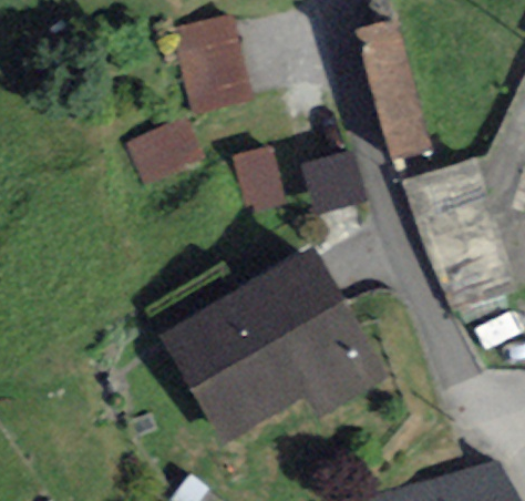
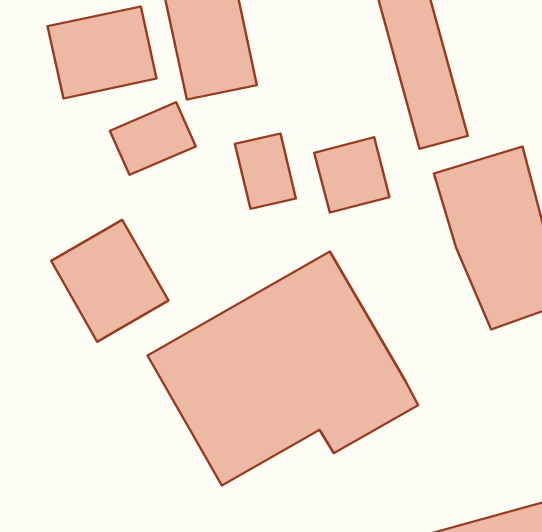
building: none -> [47,6,157,98]
building: none -> [51,220,168,342]

